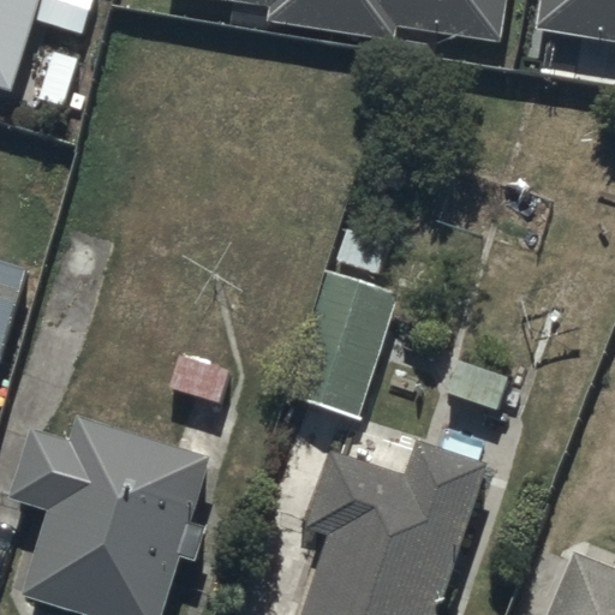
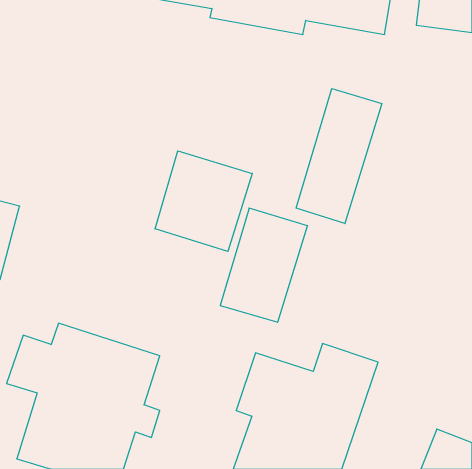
building: none -> [296,89,382,224]
building: none -> [155,151,252,251]

